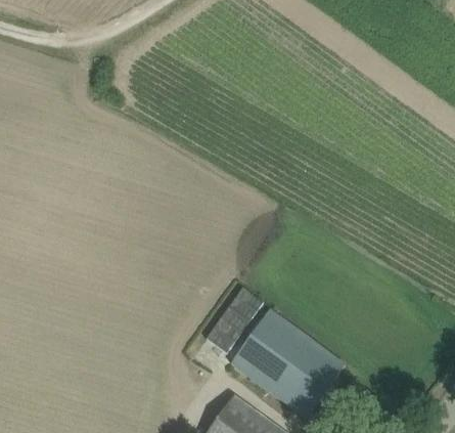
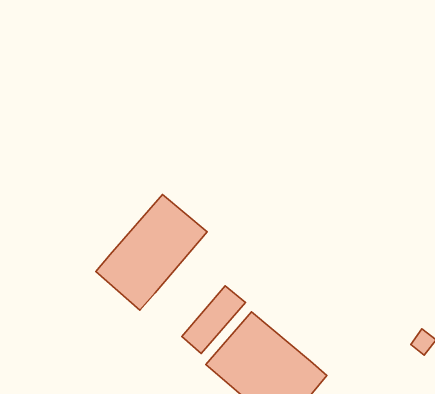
building: none -> [96,195,207,310]

